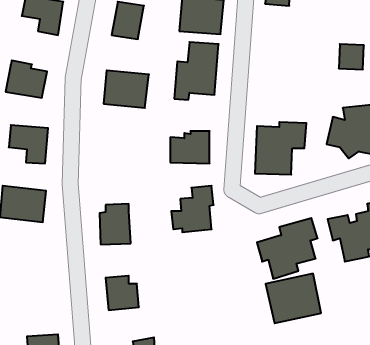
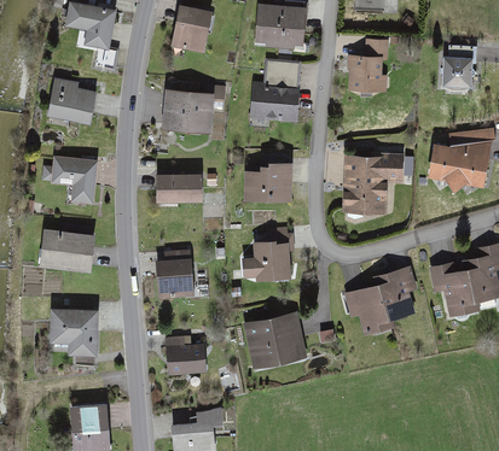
building: none -> [346,39,389,92]
building: none -> [157,174,203,203]
building: none -> [50,306,97,355]
building: [266,274,321,323] -> [242,311,308,370]

